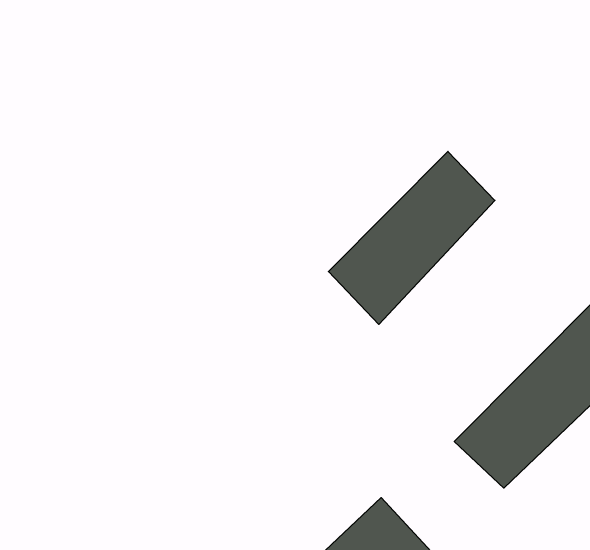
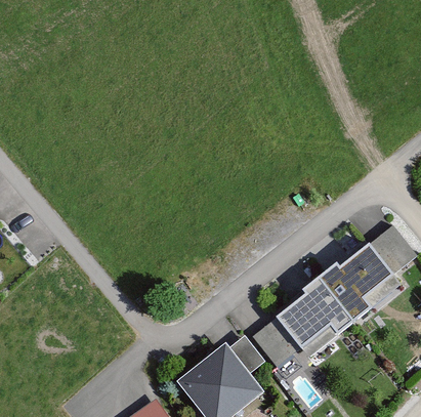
building: [328,151,495,324] -> none

